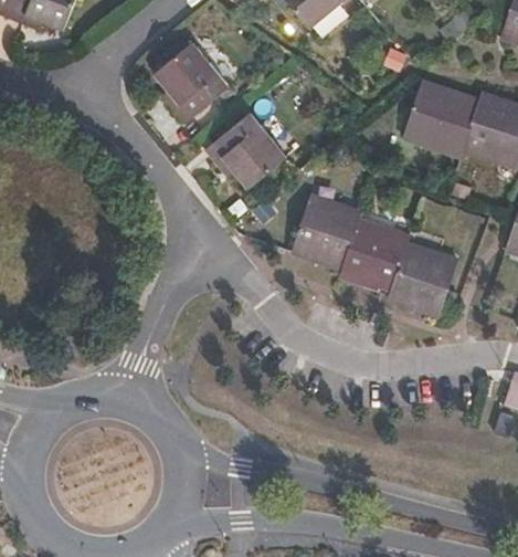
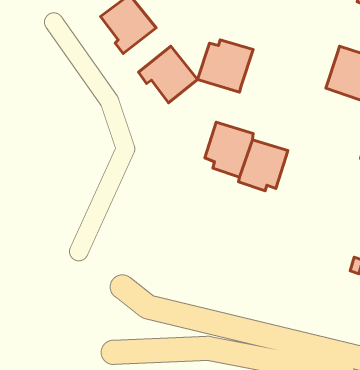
building: [403,90,479,161] -> [197,40,253,92]
building: [392,245,458,319] -> none

